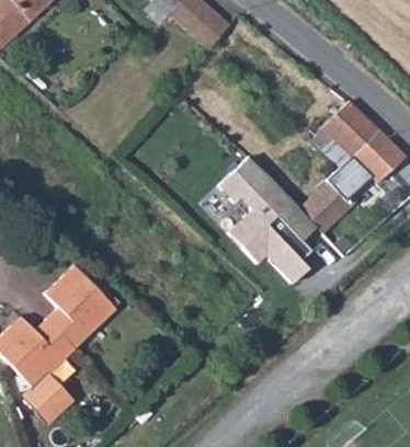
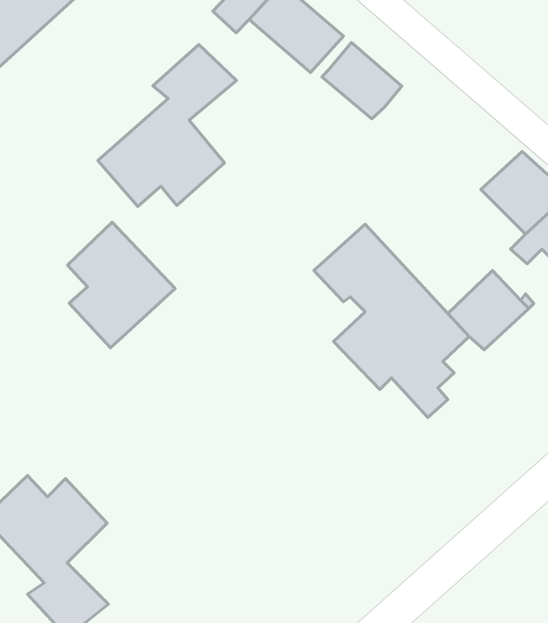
building: none -> [322,43,402,119]
building: none -> [98,45,237,207]
building: [45,265,116,348] -> [68,222,175,348]

